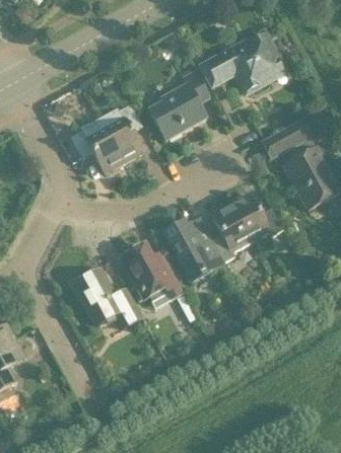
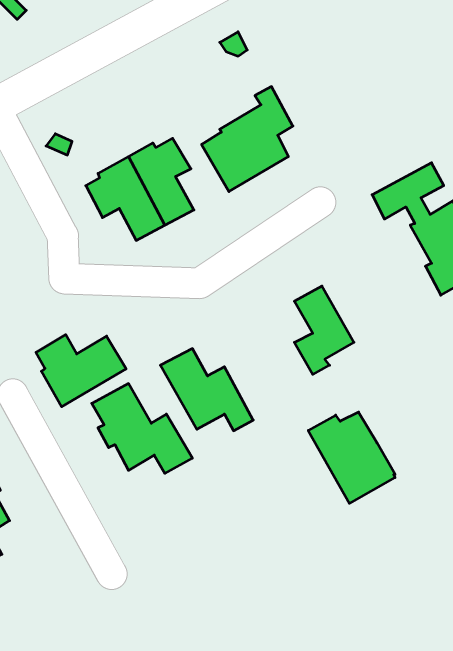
building: [200,32,283,89] -> none
building: [228,191,282,239] -> none
building: [164,219,222,280] -> [308,412,395,503]
building: none -> [36,335,126,407]

